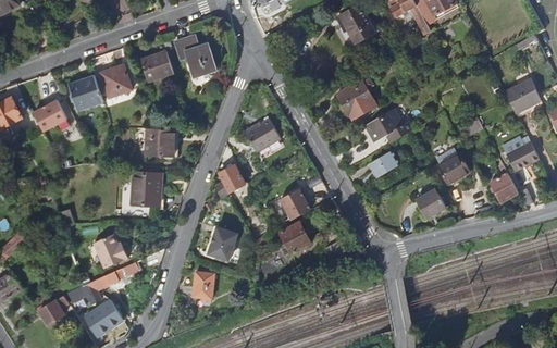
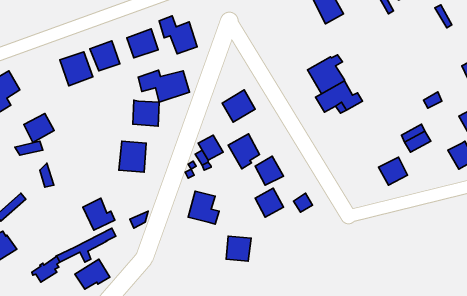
building: none -> [138,70,190,102]
building: [34,99,66,130] -> [24,113,54,142]
building: [368,151,398,178] -> none
building: none -> [228,134,260,169]
building: [193,271,220,298] -> [226,236,251,261]

